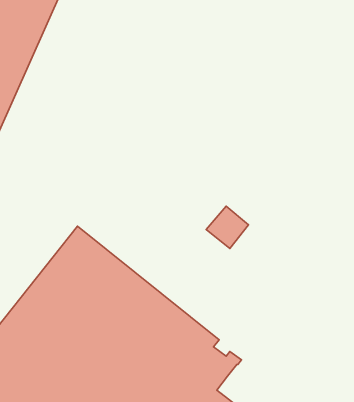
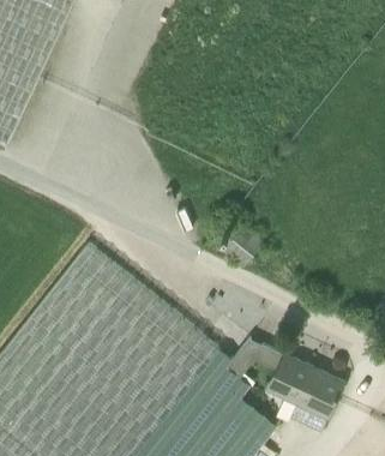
building: none -> [267,353,344,415]

